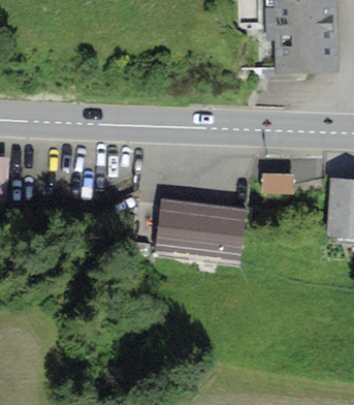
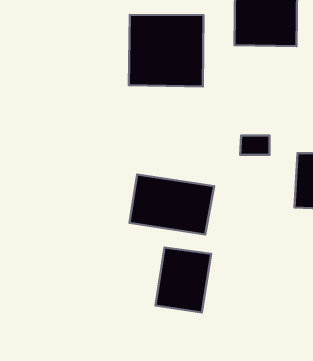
building: none -> [129,15,203,87]
building: none -> [156,247,211,312]

